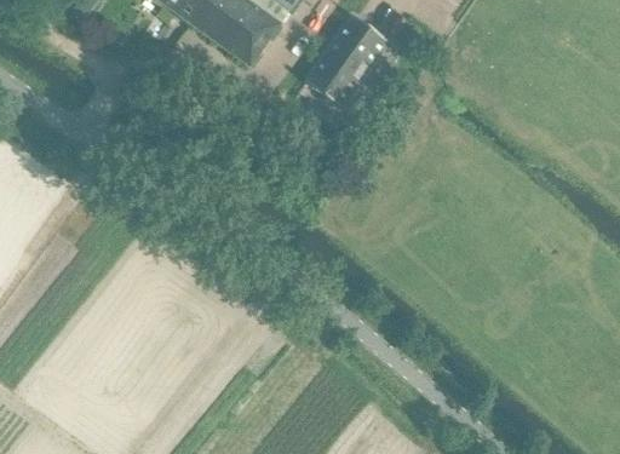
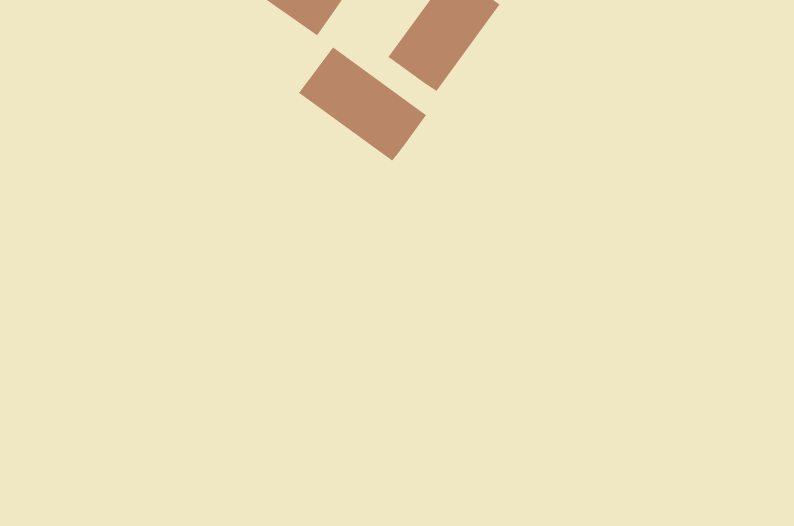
building: none -> [298,46,427,161]

